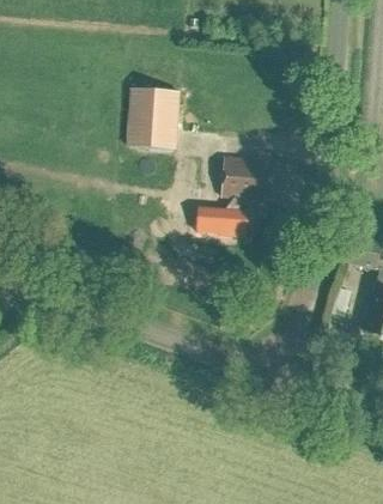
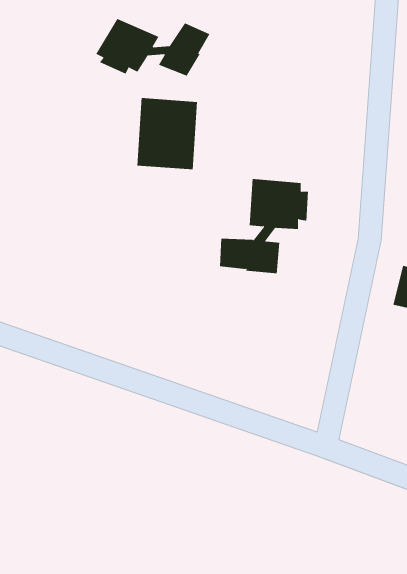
building: none -> [95,18,210,77]

